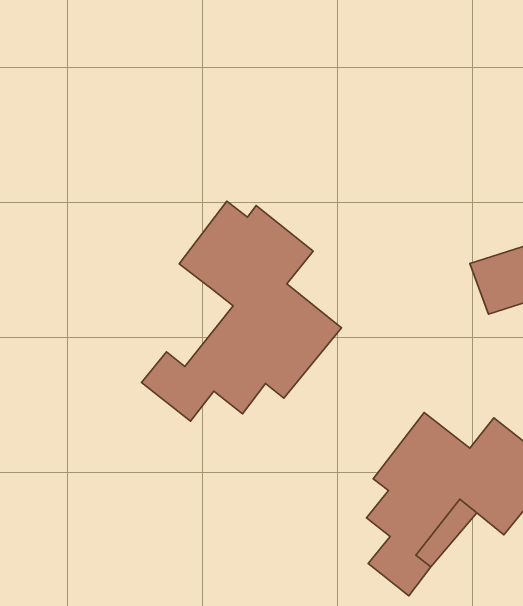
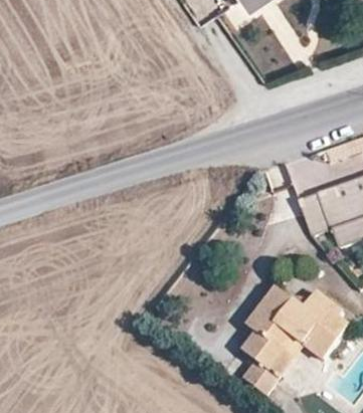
building: [141,201,341,421] -> none

